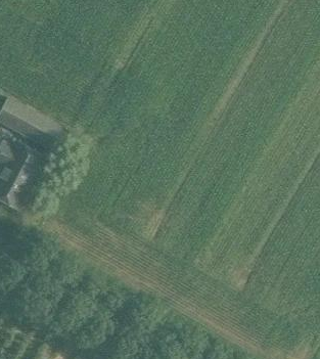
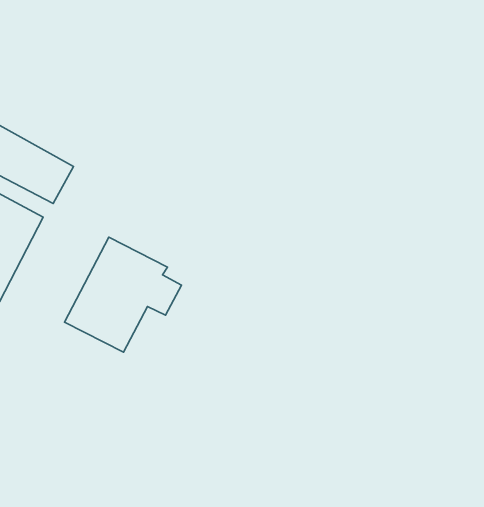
building: none -> [65,237,182,352]

